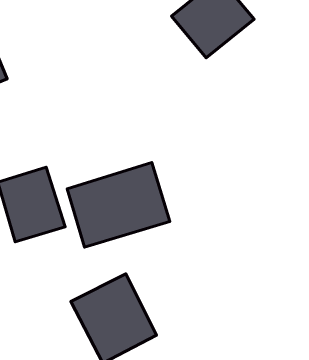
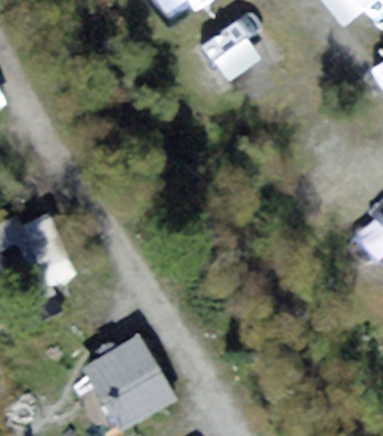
building: [67,163,170,247] -> none

